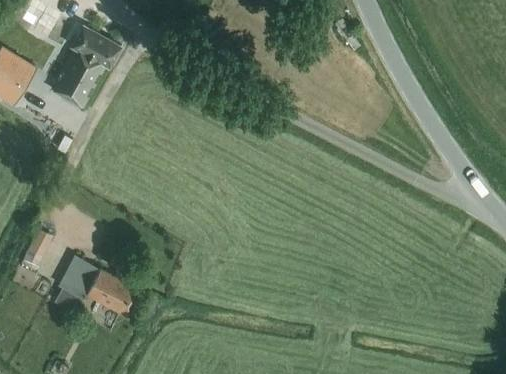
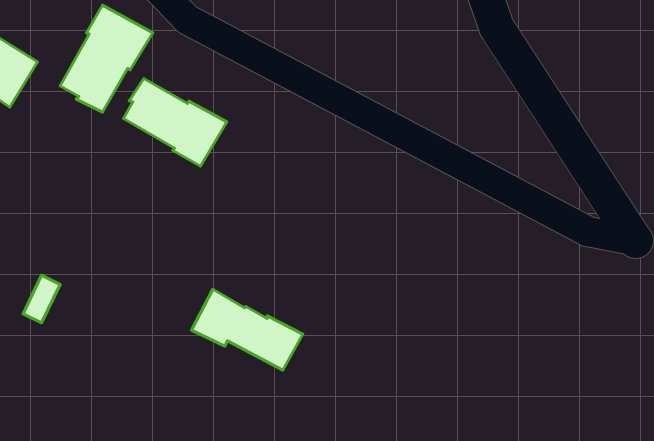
building: none -> [123,79,227,166]
building: [57,254,141,315] -> [192,289,303,370]

